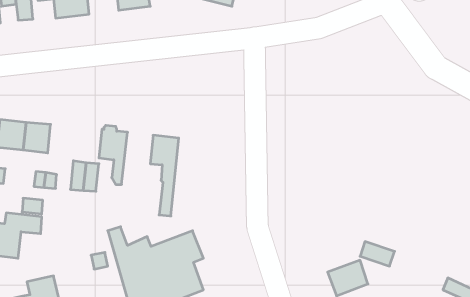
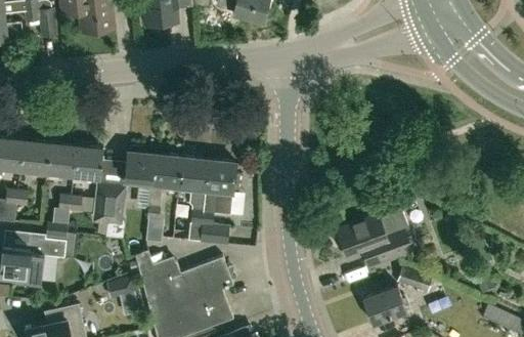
building: none -> [73,145,103,178]
building: none -> [147,154,182,243]
building: none -> [201,160,236,244]
building: none -> [337,212,411,266]

